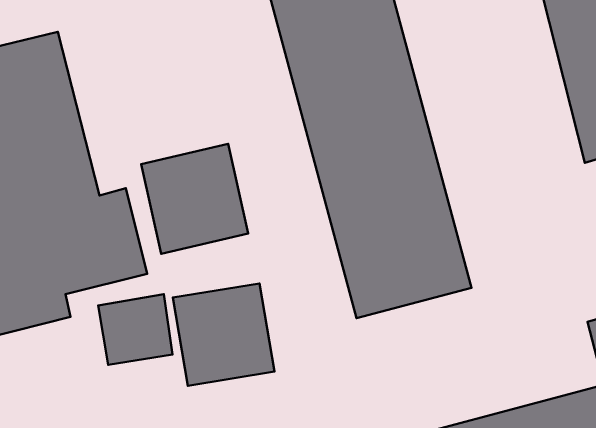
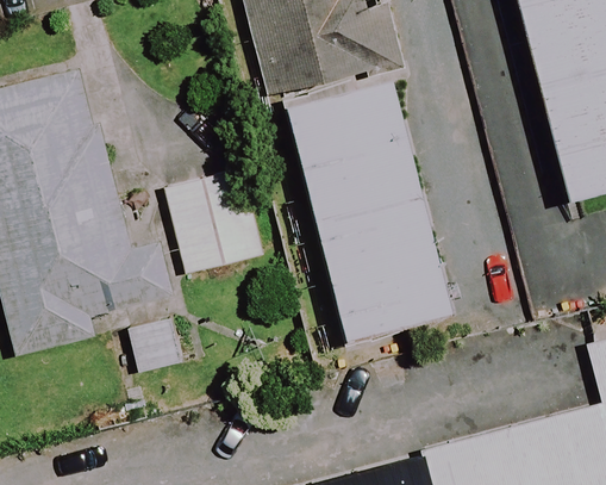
building: [173,283,275,386] -> none

